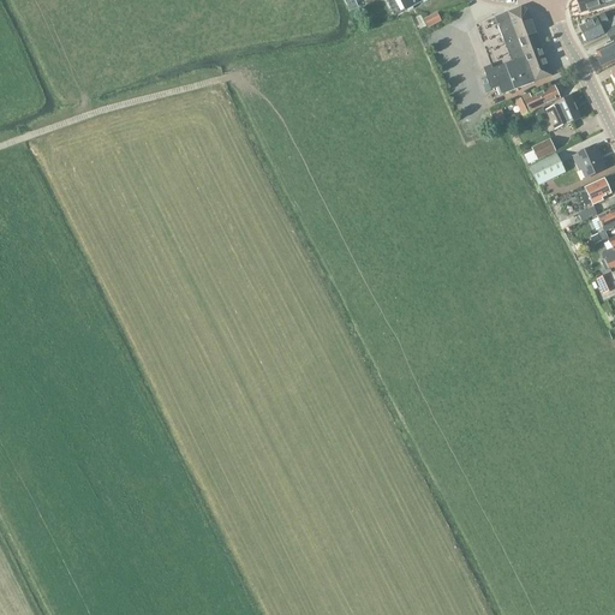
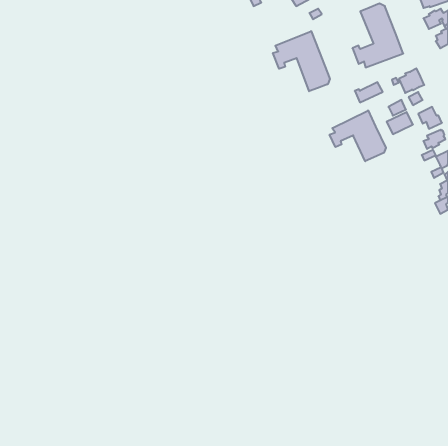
building: none -> [273,31,330,91]
building: [523,83,561,111] -> [355,82,383,102]
building: none -> [330,110,386,161]

